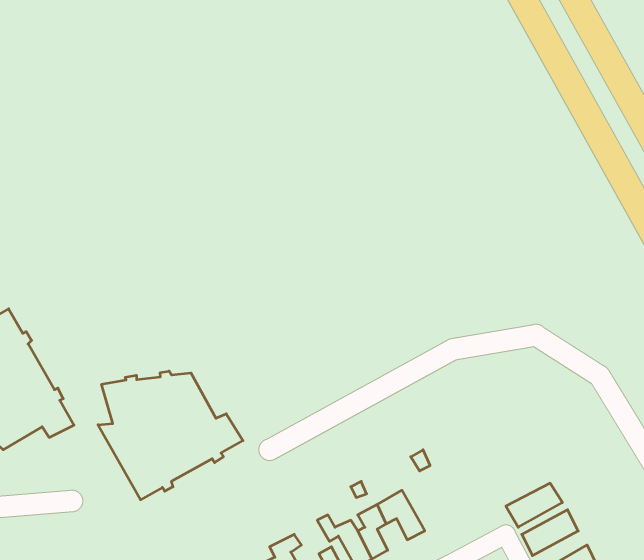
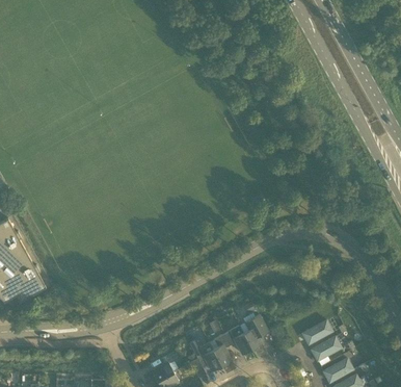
building: [98,371,243,500] -> none
building: none -> [243,314,268,349]

